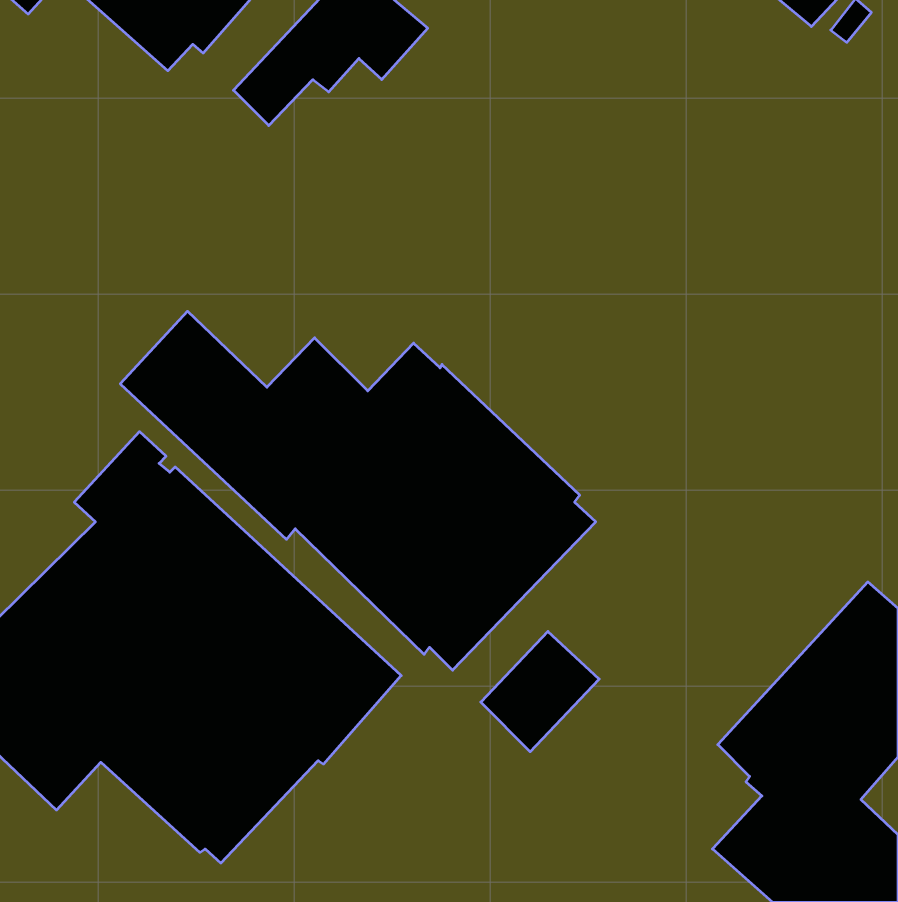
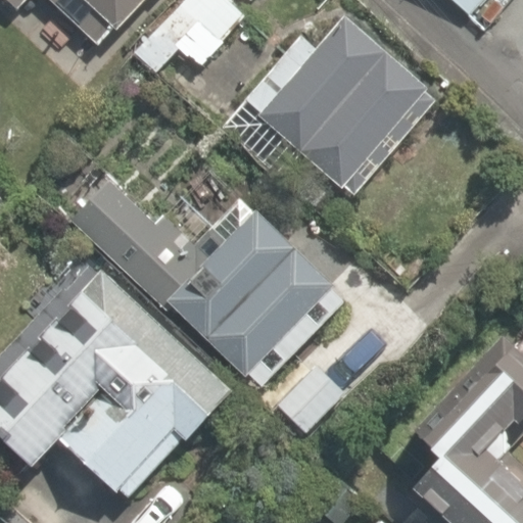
building: none -> [219,16,435,195]

